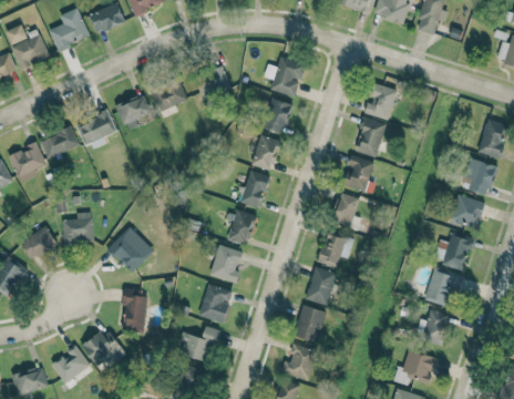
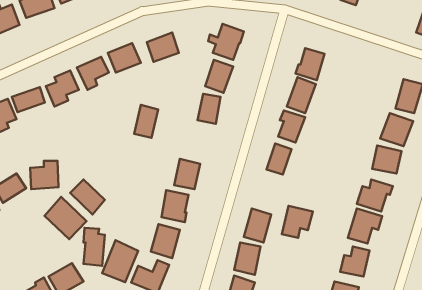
building: [241,171,269,208] -> [134,105,158,138]
building: [319,232,354,268] -> [282,206,313,238]
building: none -> [45,197,87,239]
building: none -> [102,240,138,282]

